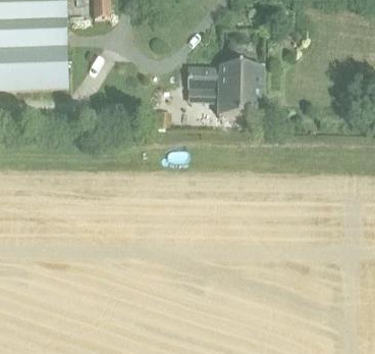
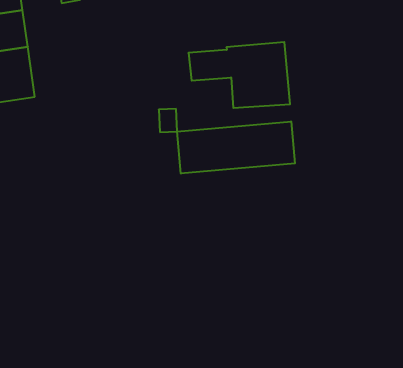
building: none -> [177,121,295,174]

